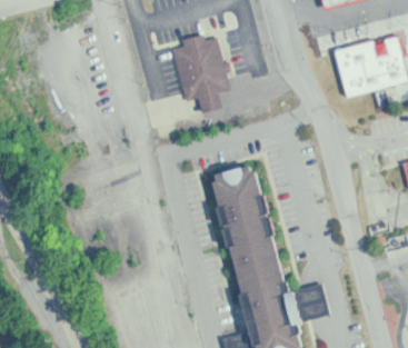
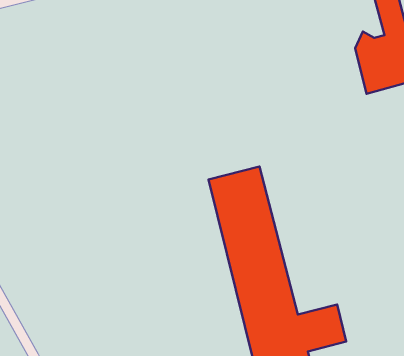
building: [167,34,230,111] -> none

